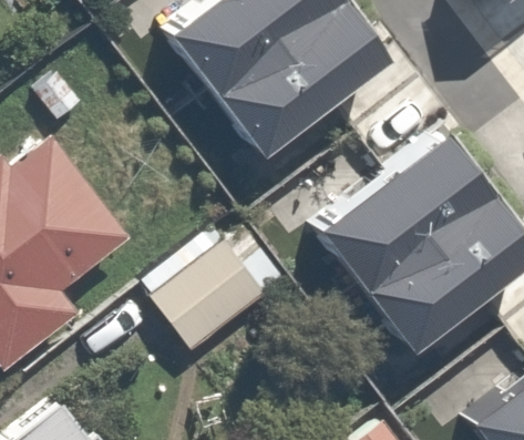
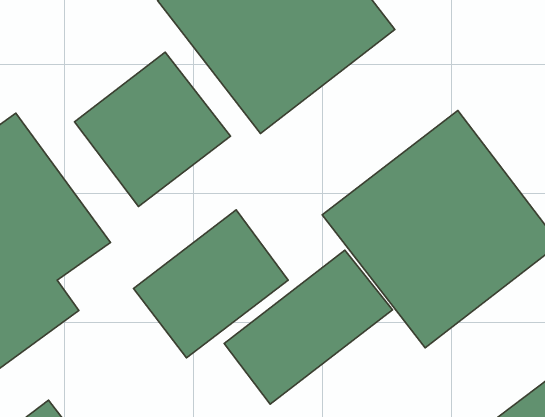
building: none -> [74,52,231,207]
building: none -> [224,250,393,404]

